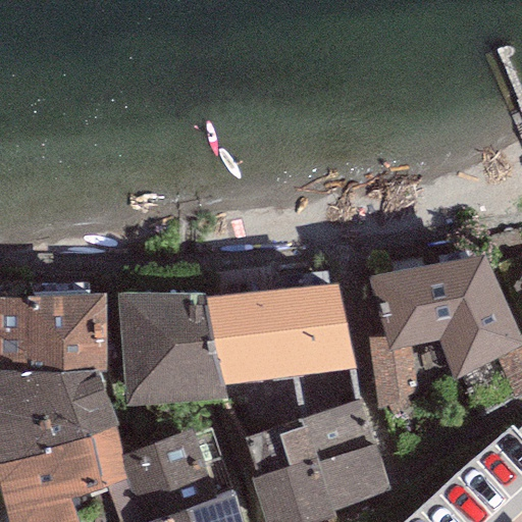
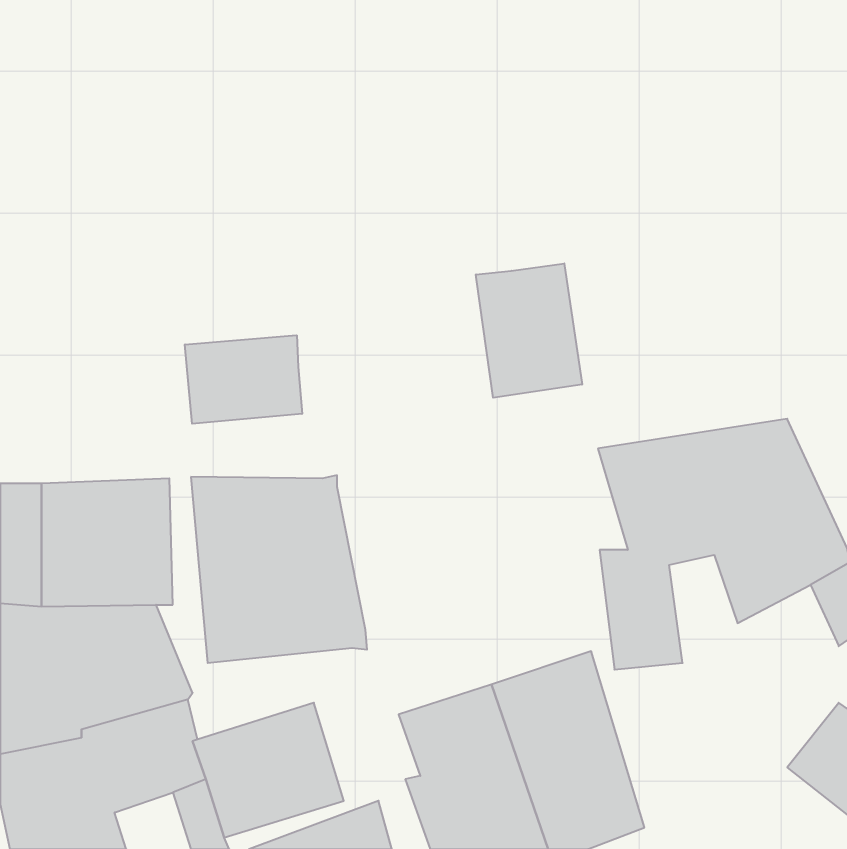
building: none -> [476,263,582,398]
building: none -> [185,335,302,424]
building: [208,283,357,386] -> none

